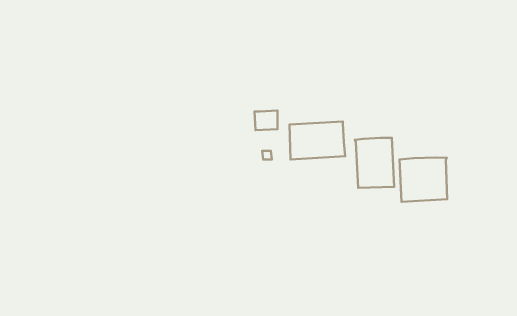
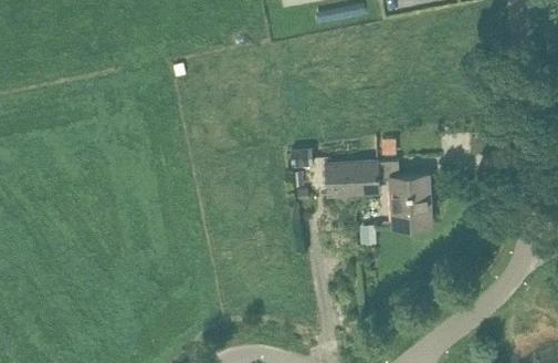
building: [400,158,447,202] -> none

